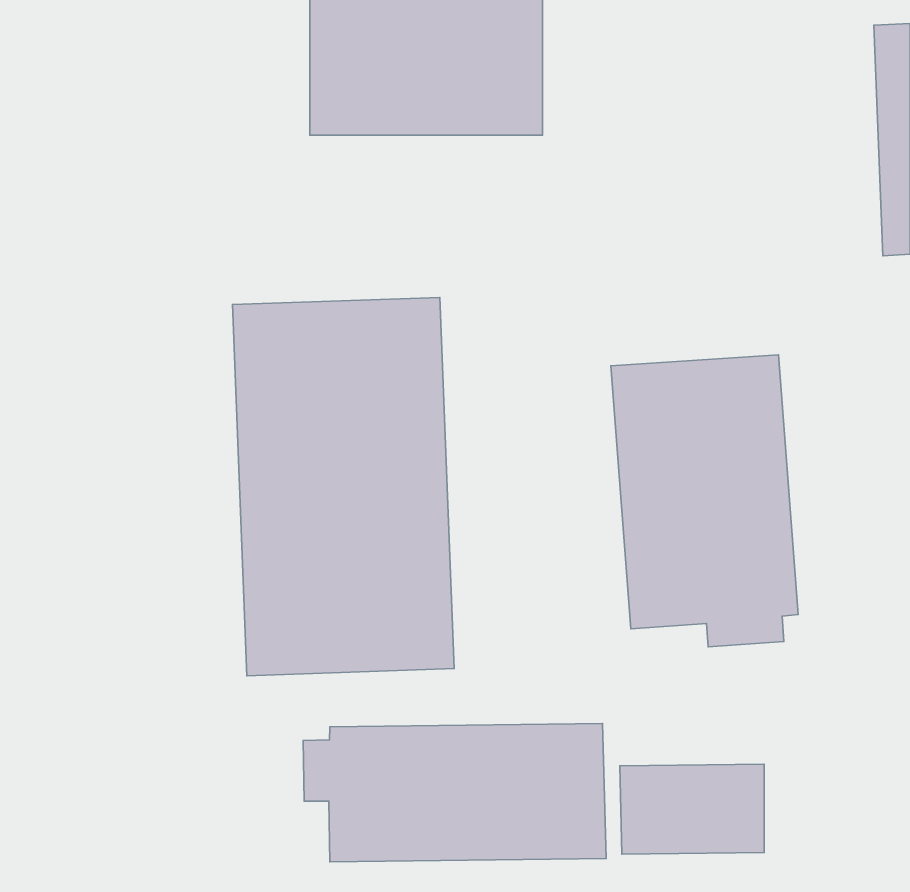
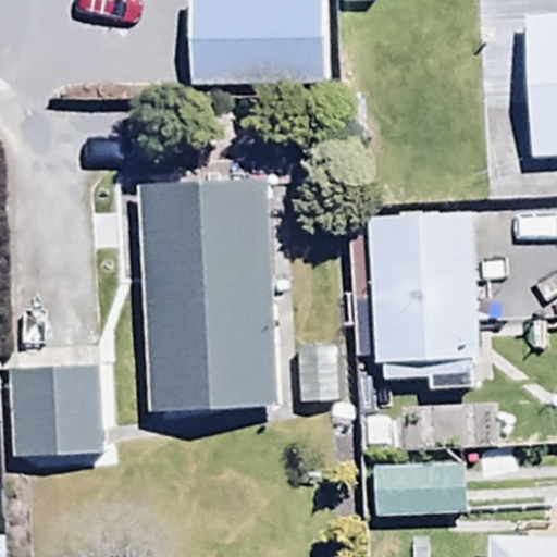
building: none -> [9,367,101,453]
building: [303,724,606,862] -> none

